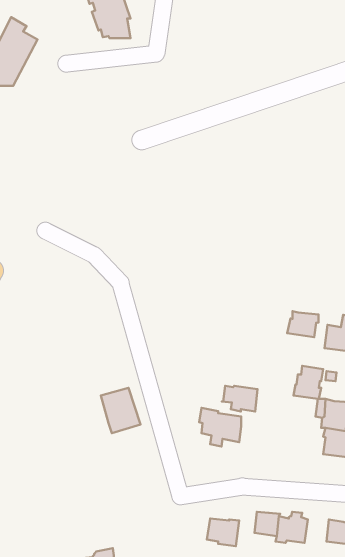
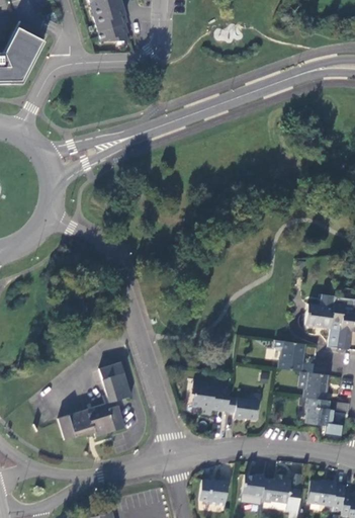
building: [287,311,319,337] -> none
building: [222,386,257,411] -> [227,397,259,420]
building: none -> [60,405,126,440]

